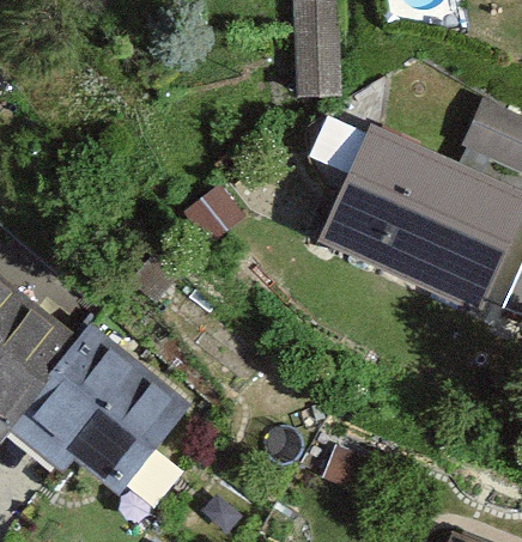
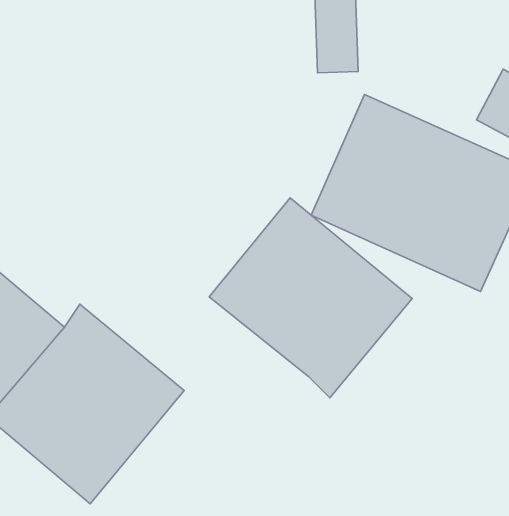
building: none -> [209,198,412,398]

